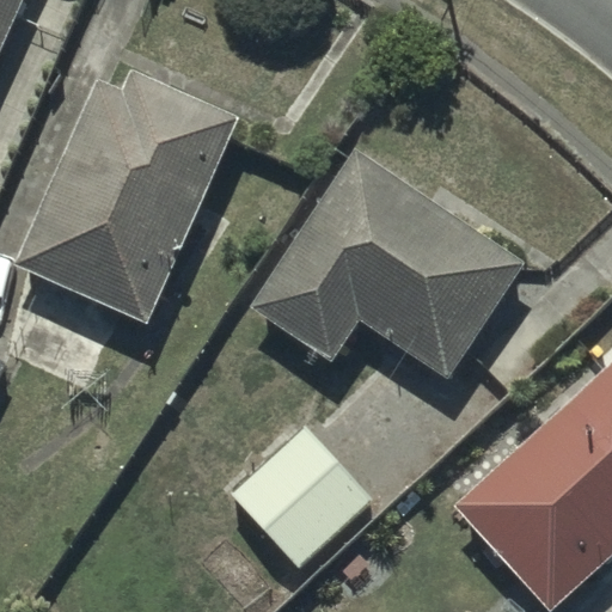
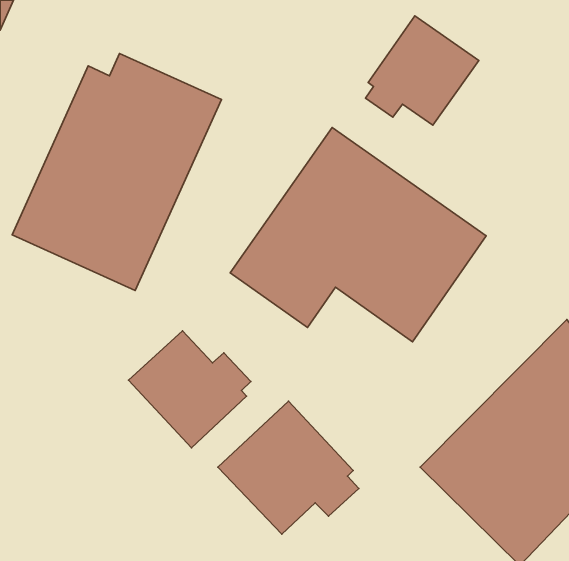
building: none -> [365,16,479,125]
building: none -> [129,331,251,448]

